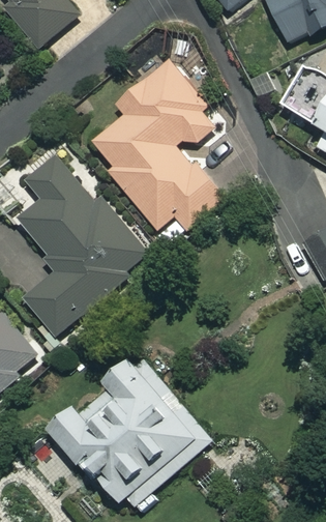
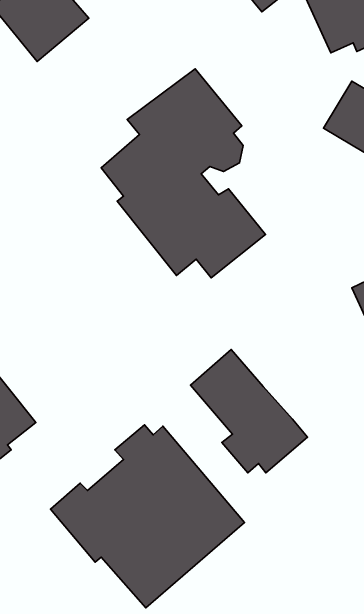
building: [18,153,150,336] -> none
building: none -> [191,349,307,473]

